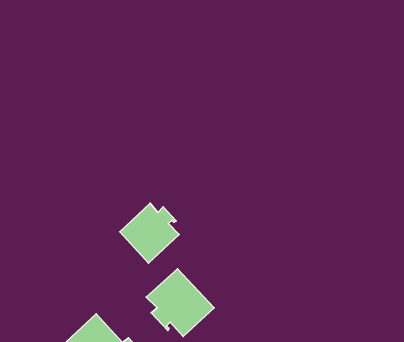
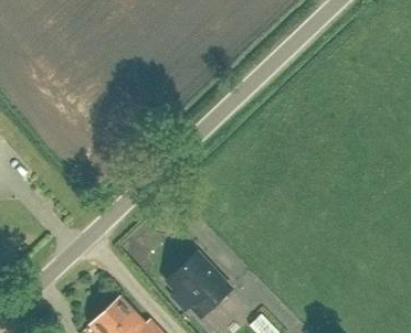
building: [120,203,179,263] -> none

